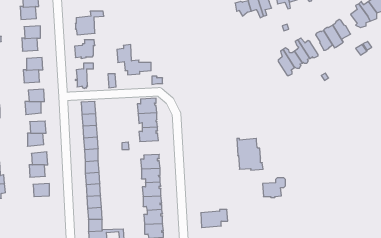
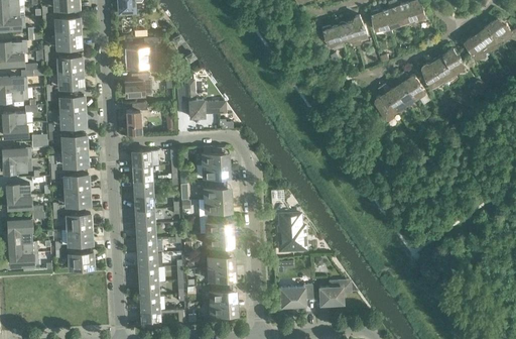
building: [237,138,263,170] -> [275,214,307,253]
building: none -> [204,200,228,218]
building: [263,178,285,197] -> [318,281,347,306]

